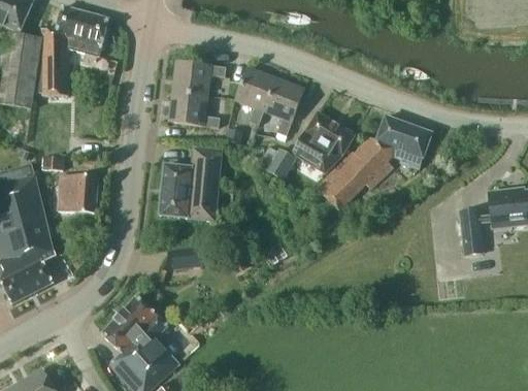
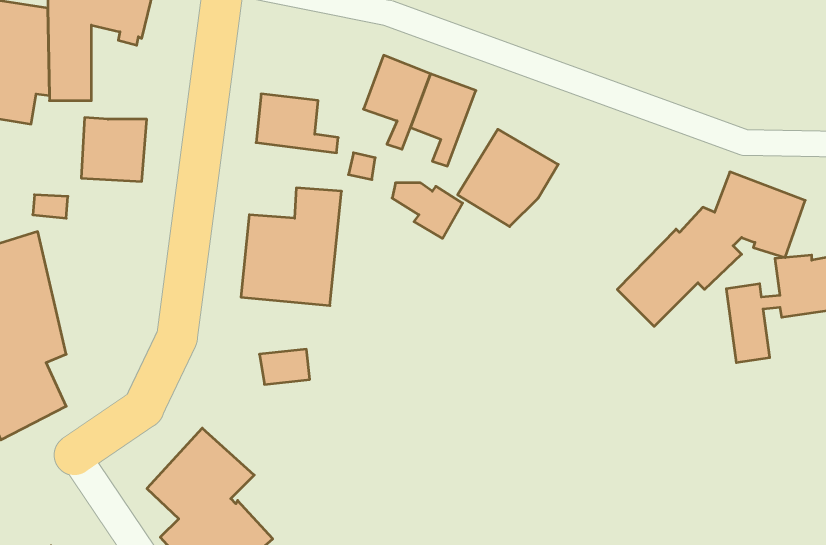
building: [172,61,226,95] -> none
building: [317,116,432,210] -> [617,172,805,326]
building: [58,173,98,213] -> [81,118,147,181]

